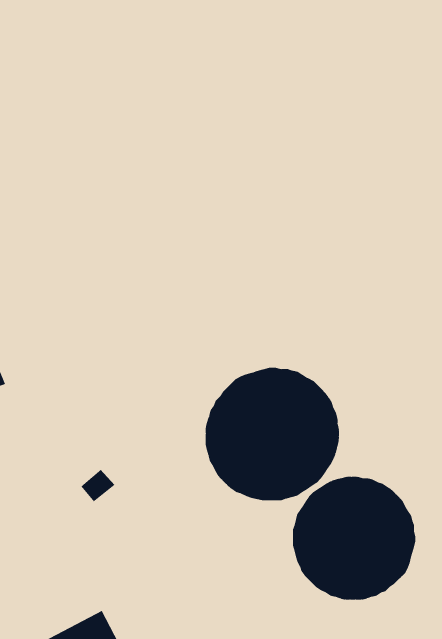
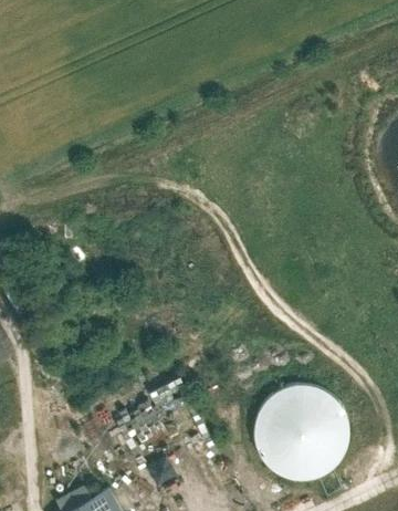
building: [205,367,339,501] -> none

